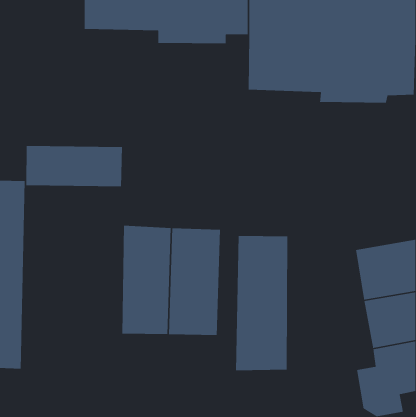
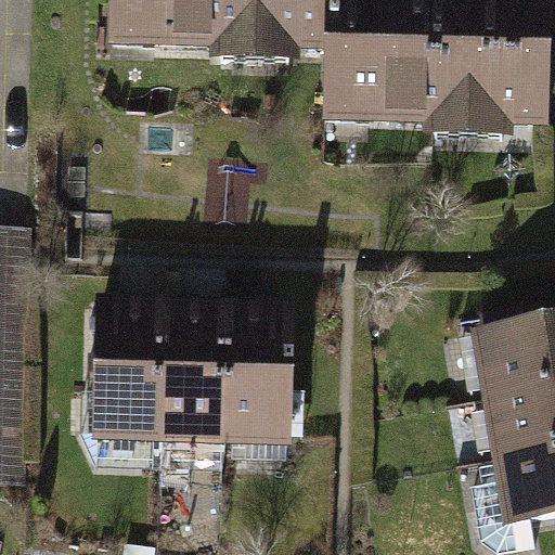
building: [25,145,123,187] -> none
building: none -> [90,296,163,441]
building: [235,235,288,371] -> none

